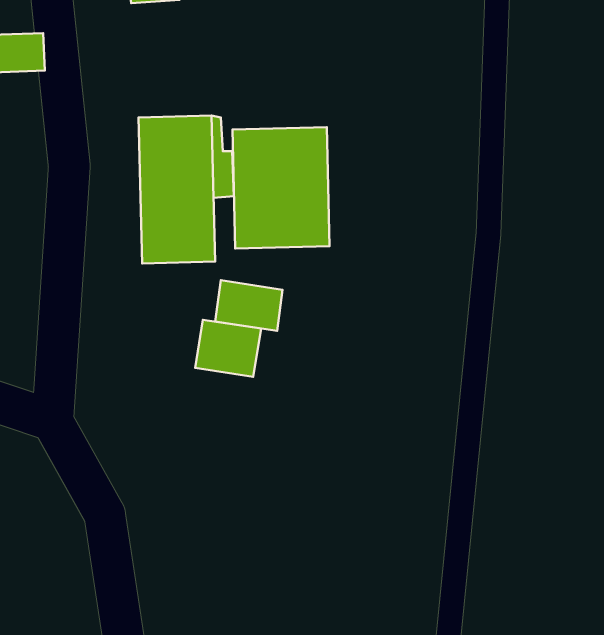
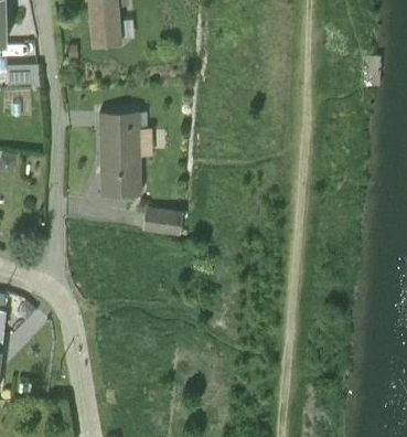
building: [232,127,329,248] -> none
building: [195,320,261,377] -> none

